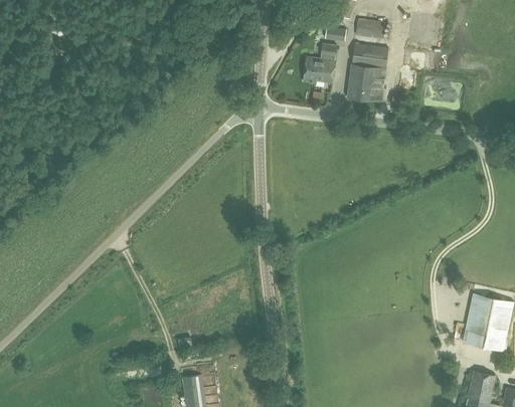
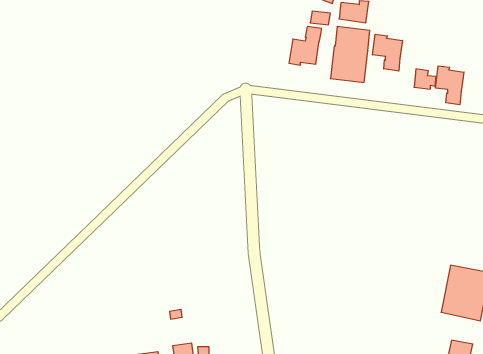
building: none -> [373,34,402,71]
building: none -> [436,66,464,105]

